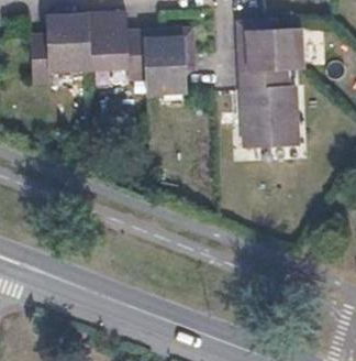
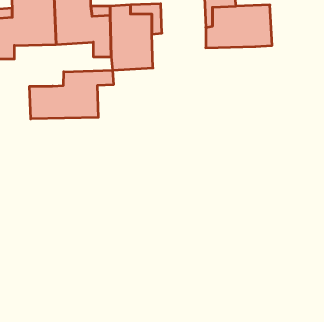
building: [237,69,296,147] -> none
building: none -> [30,70,113,119]

